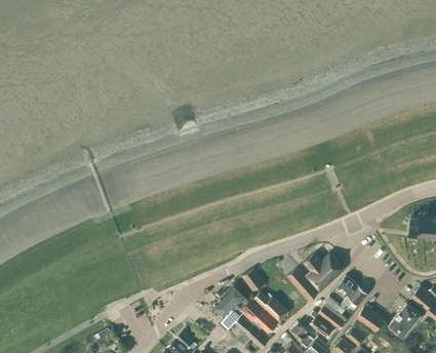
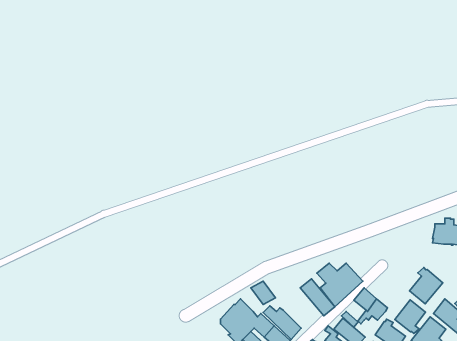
building: none -> [410,268,443,304]
building: none -> [395,300,426,334]

